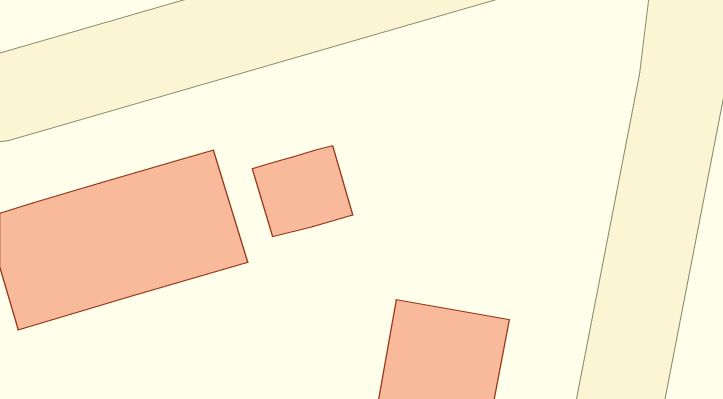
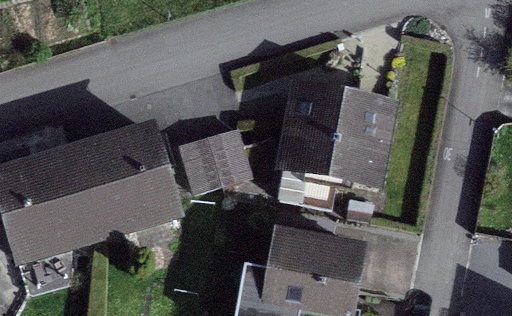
building: none -> [279,88,388,208]

